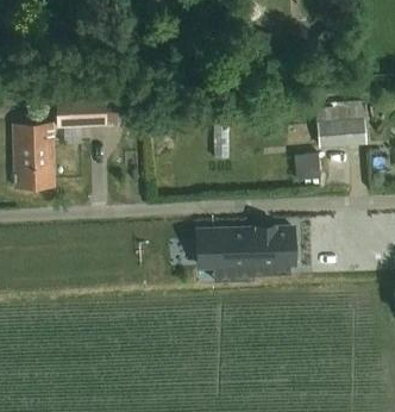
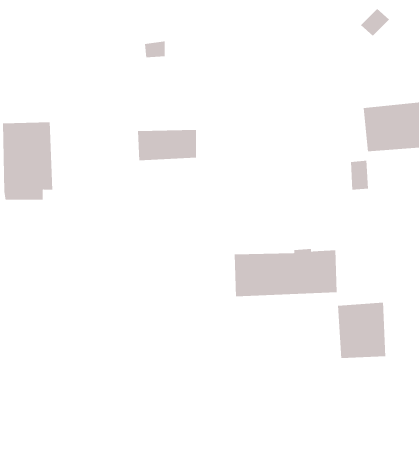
building: [57,101,107,127] -> [137,129,197,161]
building: none -> [337,302,386,359]

